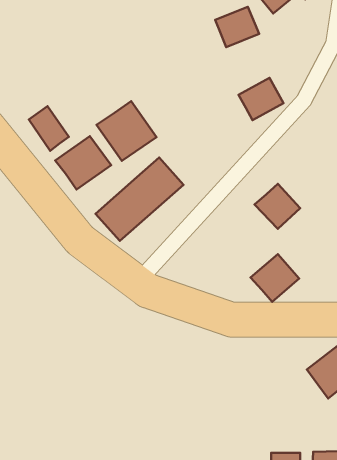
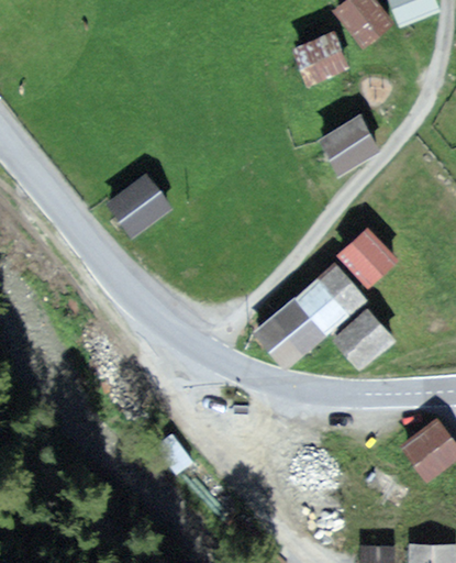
building: [97,101,156,161] -> none
building: [29,106,69,151] -> none
building: [96,158,183,241] -> [258,269,362,367]

